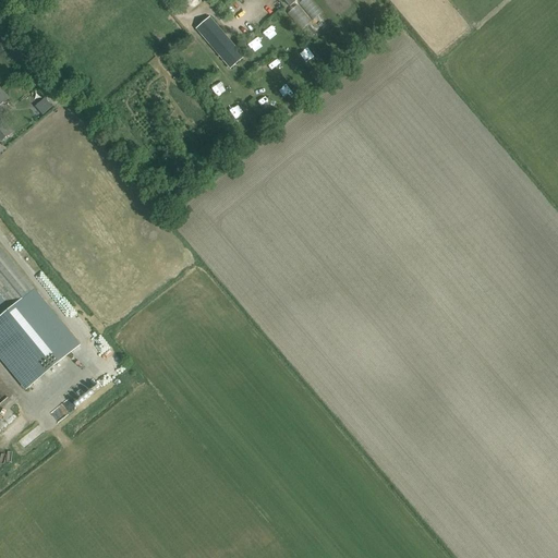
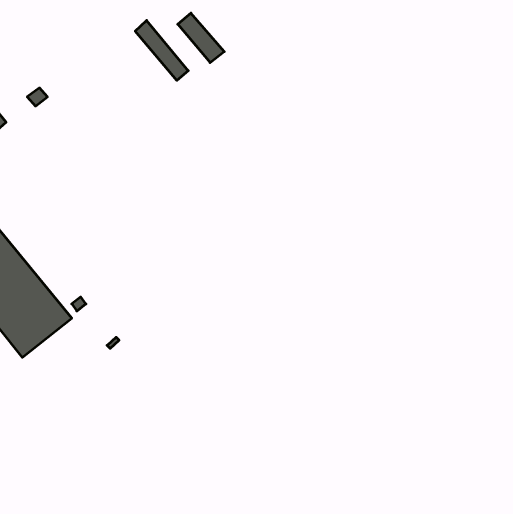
building: none -> [135,20,188,80]

